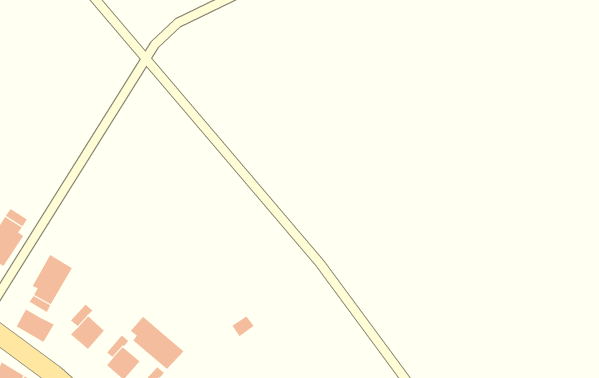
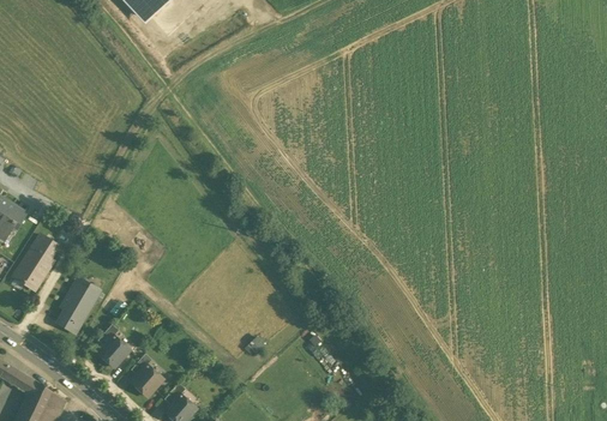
building: [16,308,55,343] -> none
building: [130,316,184,370] -> none

